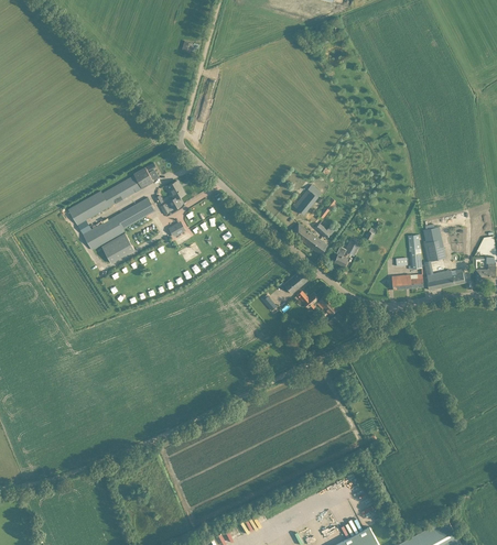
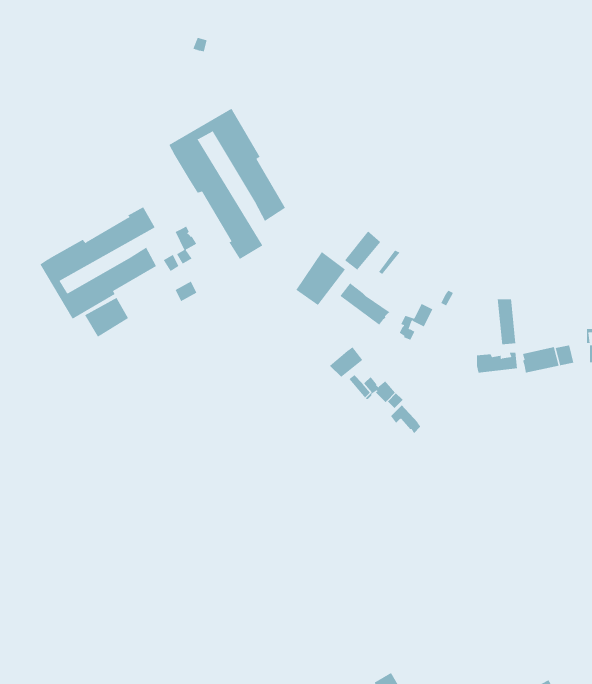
building: none -> [169,108,286,260]
building: none -> [295,251,346,306]
building: [423,224,446,274] -> none

